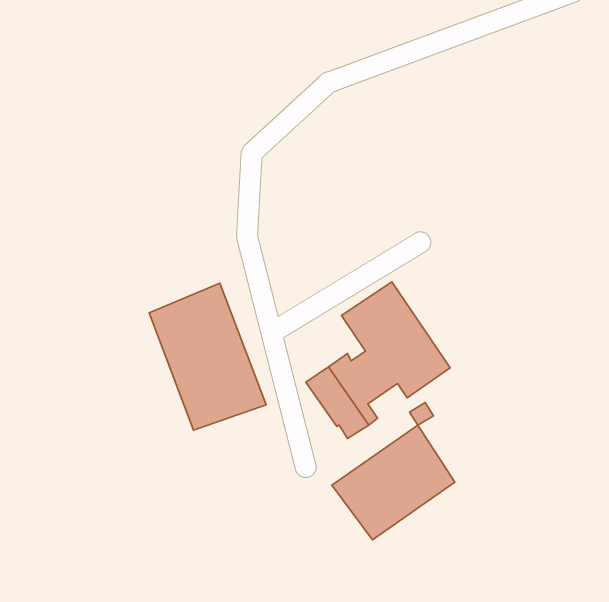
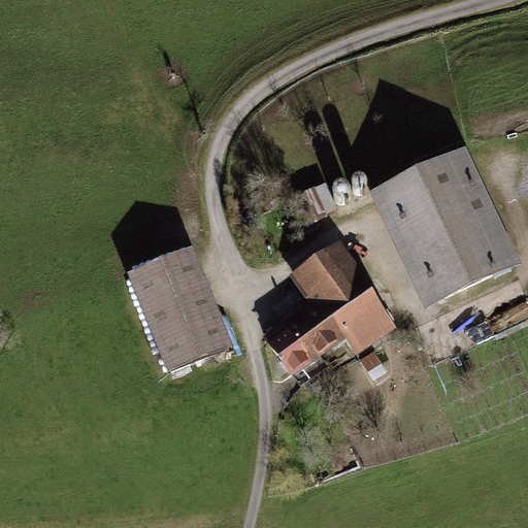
building: none -> [387,153,512,295]
building: [332,425,455,540] -> none

